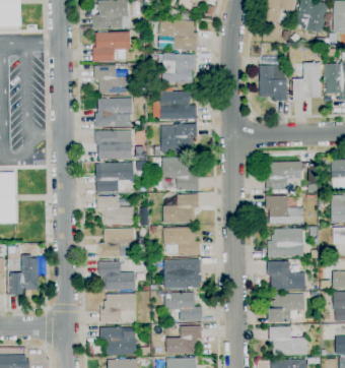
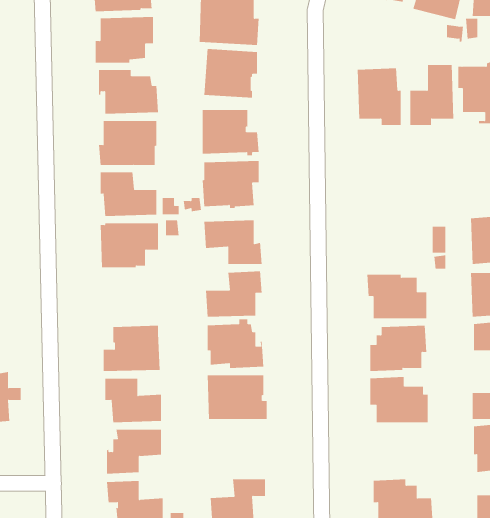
building: [265,161,301,193] -> none
building: [96,195,133,227] -> none
building: [164,292,202,321] -> none
building: [269,294,304,322] -> none

